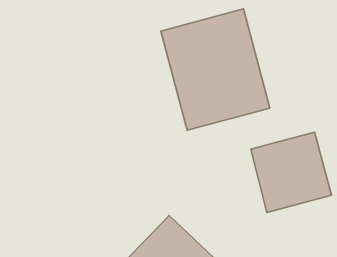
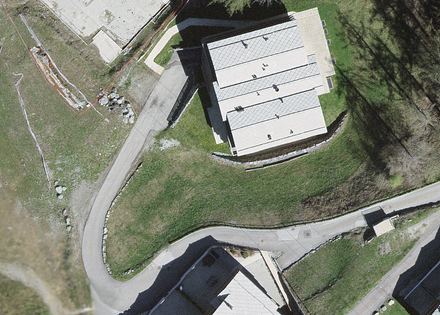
building: [251,132,331,212] -> none

